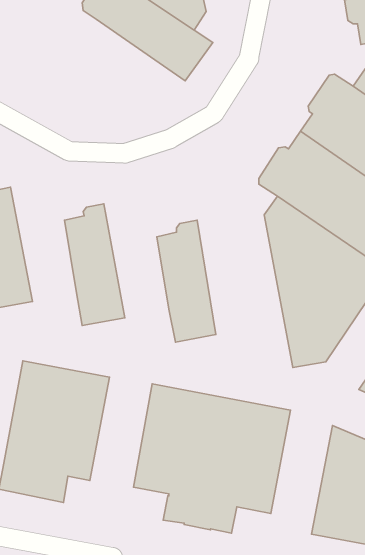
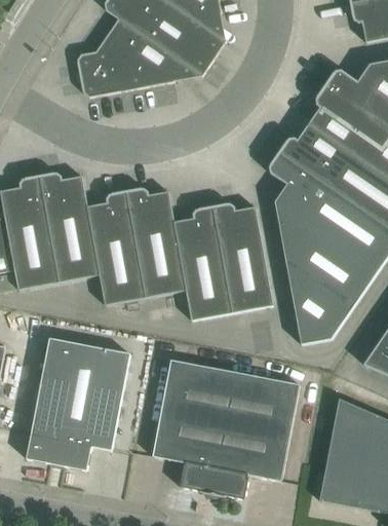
building: none -> [77,18,185,97]
building: none -> [38,173,100,283]
building: none -> [125,188,186,298]
building: none -> [212,203,274,313]

